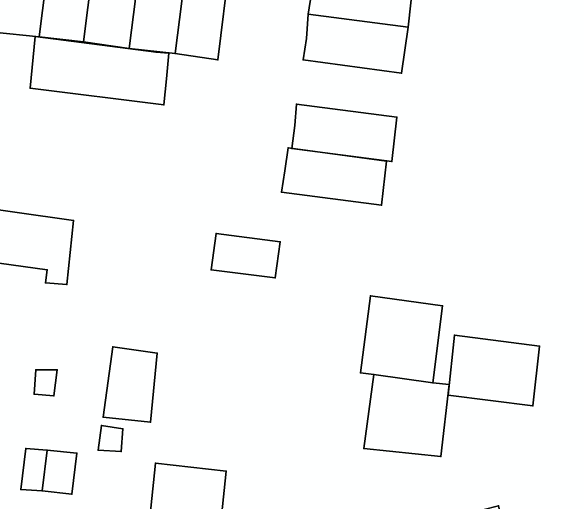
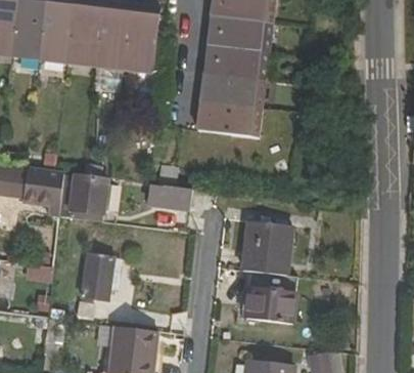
building: [30,37,169,105] -> none
building: [282,148,387,205] -> [200,74,266,110]
building: none -> [57,174,106,221]
building: [448,335,539,406] -> none

